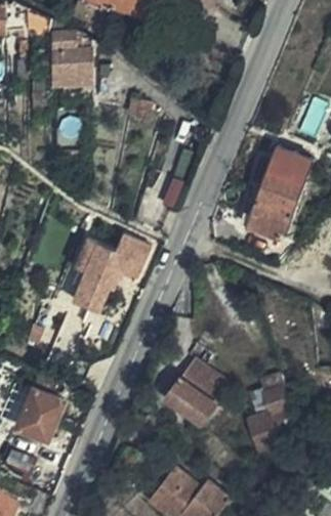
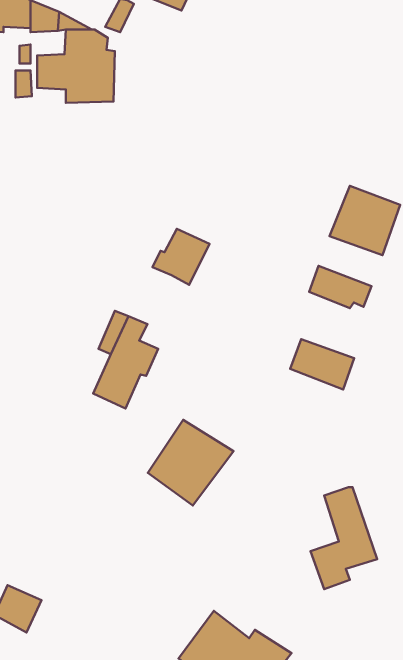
building: [246,185,294,223] -> [290,339,354,389]
building: [111,235,154,277] -> [152,229,209,285]
building: [159,360,223,425] -> [148,420,234,505]
building: [15,386,65,439] -> none

